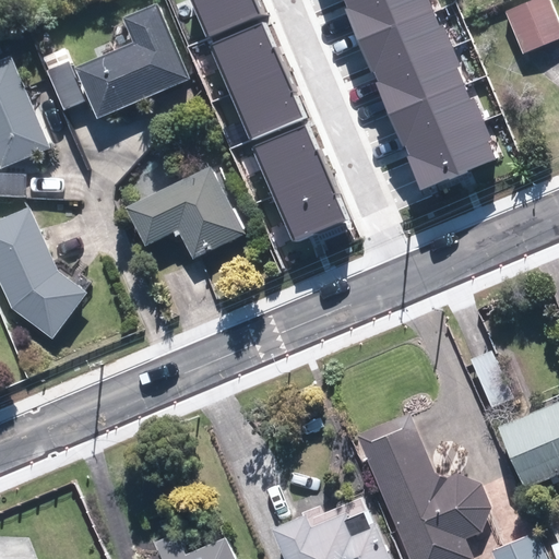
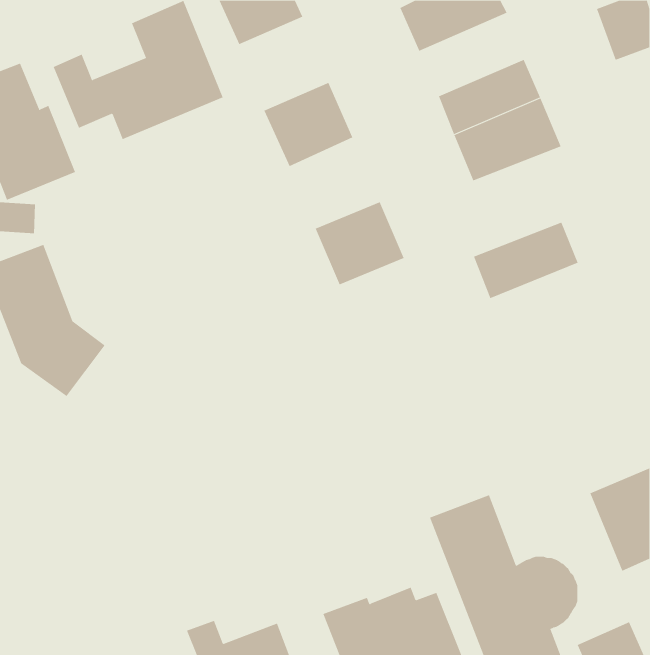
building: [356,12,449,83] -> none
building: [203,23,280,95] -> none
building: [247,124,323,195] -> none
building: [402,126,491,191] -> [473,222,579,299]
building: [130,163,251,259] -> none

